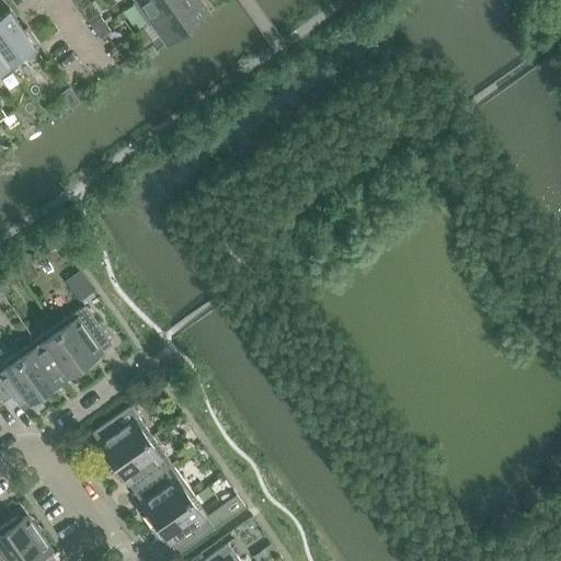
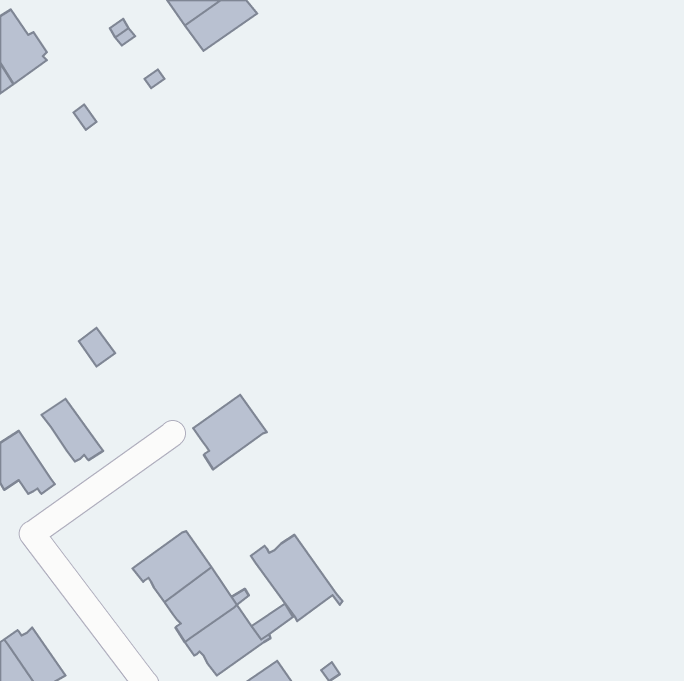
building: [54,307,112,371] -> none
building: [15,342,61,399] -> none
building: [92,407,152,468] -> [193,395,267,470]
building: none -> [251,535,342,621]

